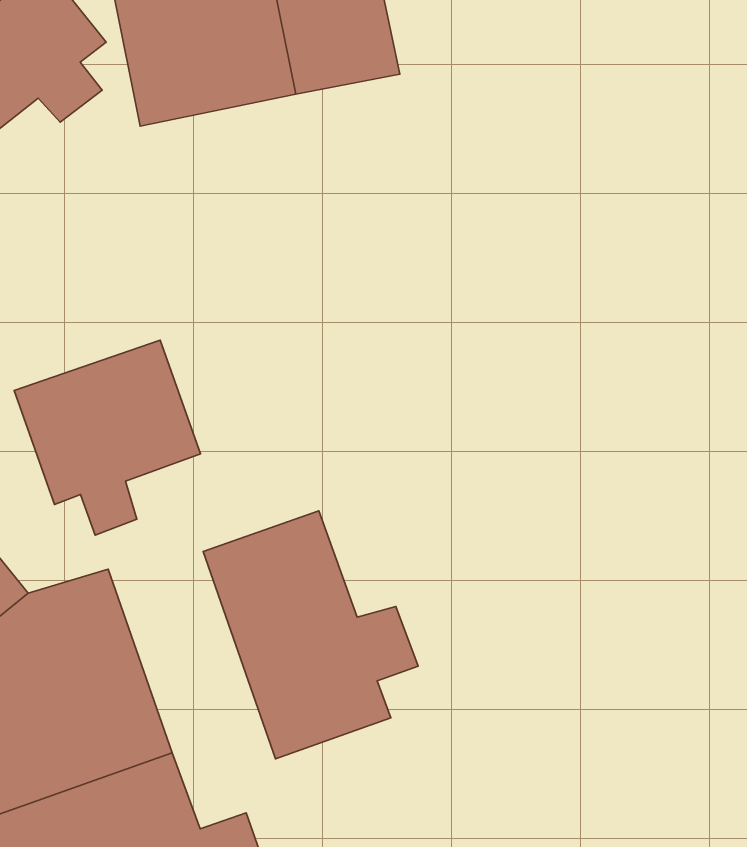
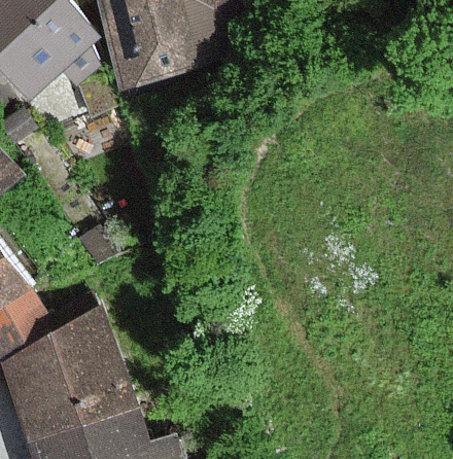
building: [14,340,200,535] -> none
building: [203,511,418,759] -> none

